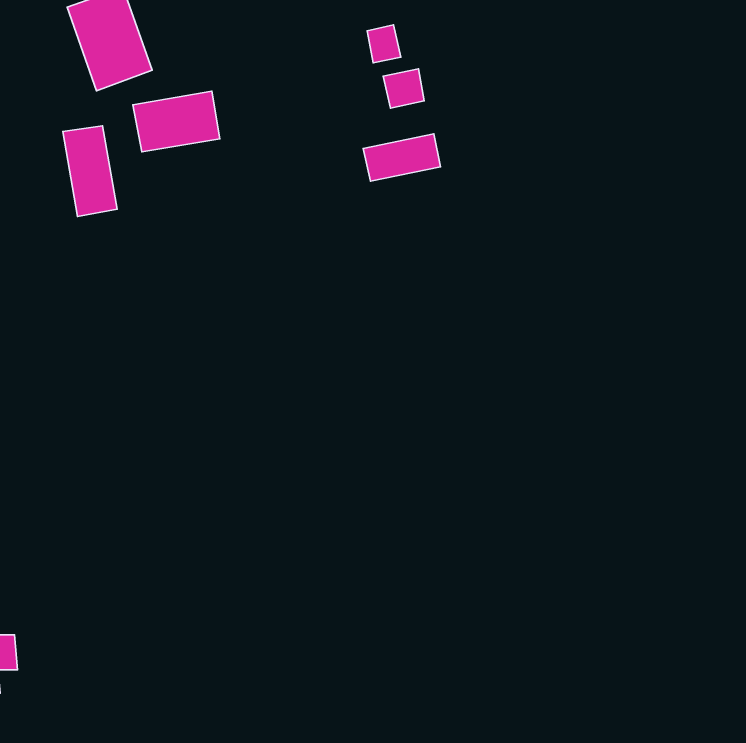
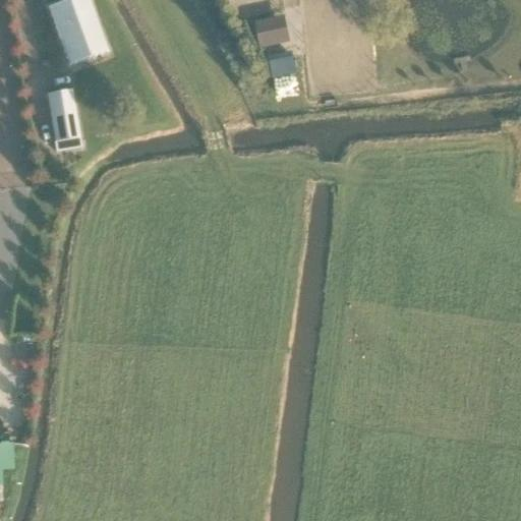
building: [133,91,220,152] -> none
building: [363,134,440,181] -> none

